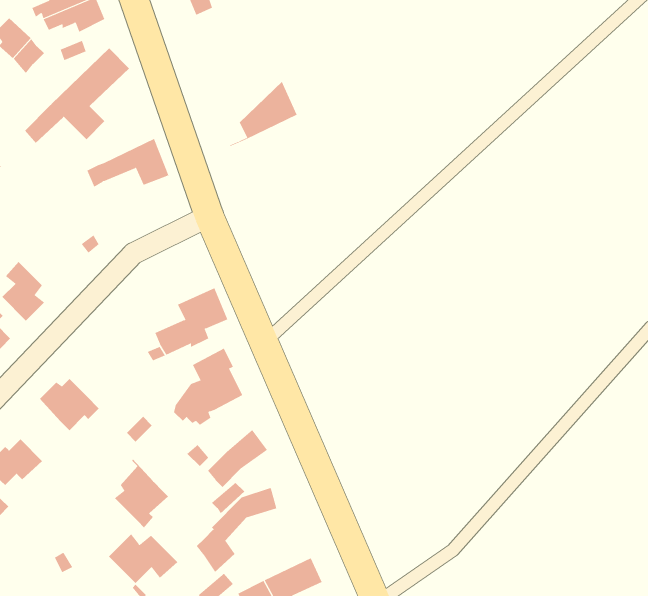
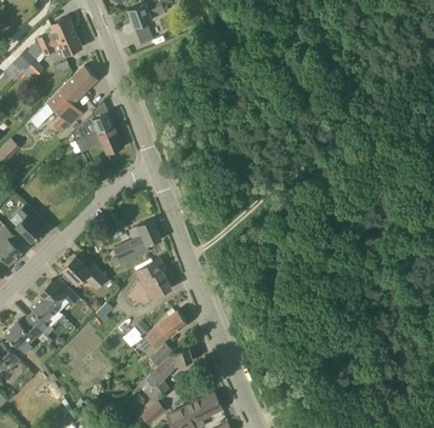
building: [229,81,297,147] -> [70,102,114,144]
building: none -> [62,256,107,289]
building: [114,459,169,529] -> [28,291,63,336]
building: [108,534,178,584] -> none

